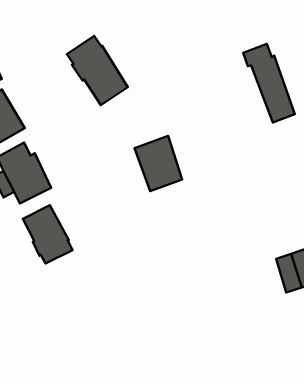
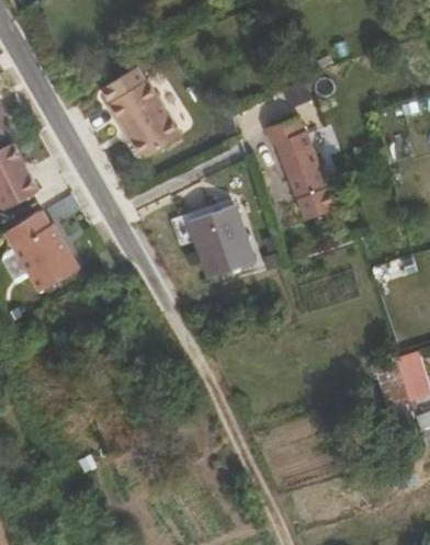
building: [243,44,295,122] -> [265,114,335,218]
building: [23,205,72,264] -> none

